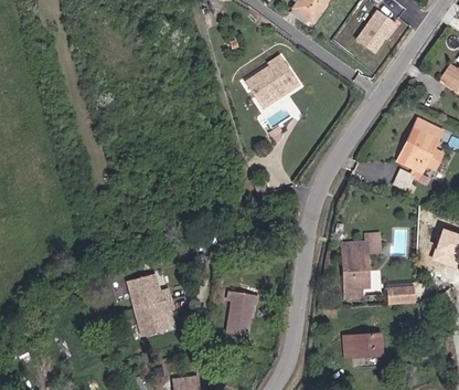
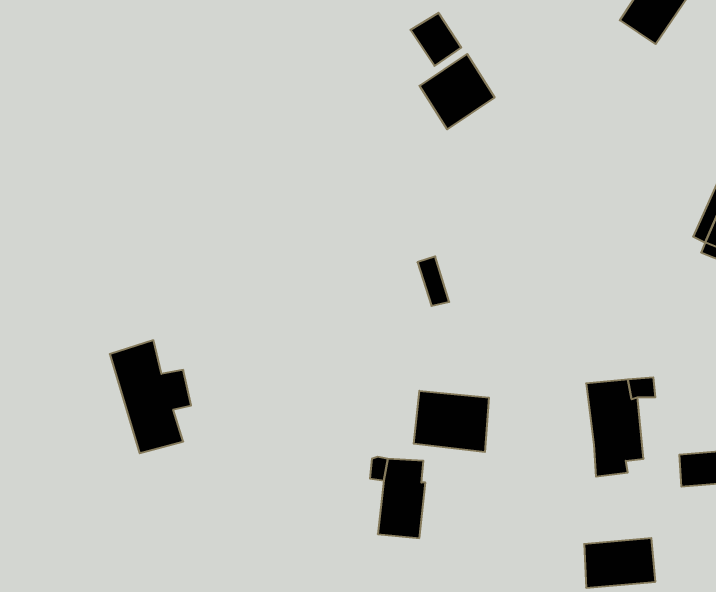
building: none -> [410,13,461,66]
building: none -> [414,391,489,452]
building: [124,274,169,337] -> [110,340,191,453]

